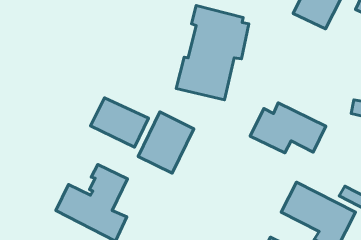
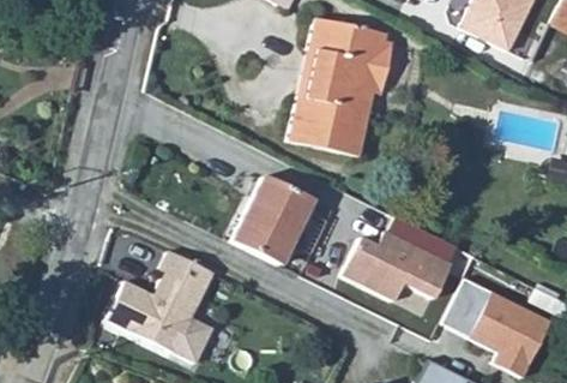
building: [91,98,149,147] -> none
building: [250,103,326,153] -> [343,227,456,301]

